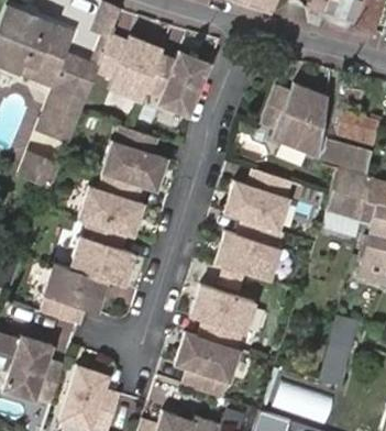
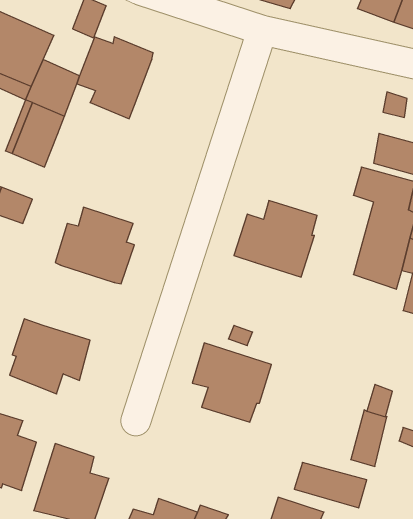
building: [142,49,208,118] -> none
building: [260,84,327,156] -> none
building: [96,125,164,191] -> none
building: [213,219,280,280] -> none
building: [67,221,133,288] -> none
building: [175,333,239,399] -> none

